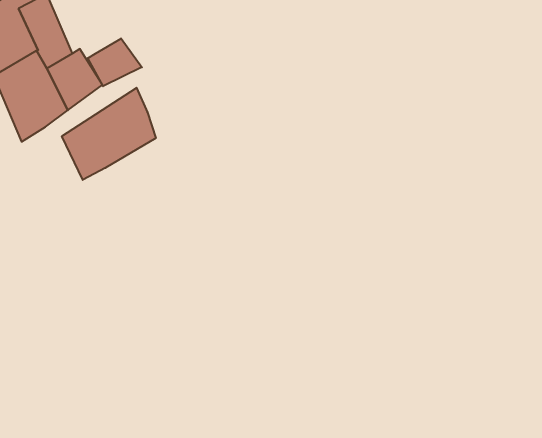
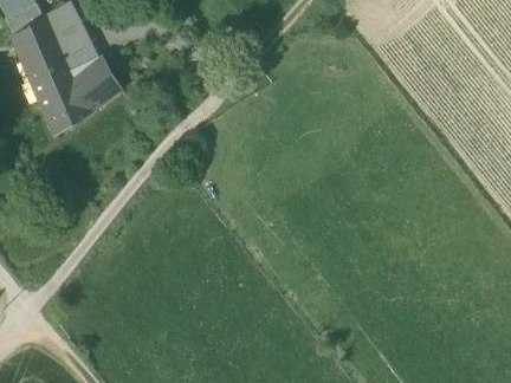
building: [88,38,142,86] -> none
building: [62,88,156,180] -> none

